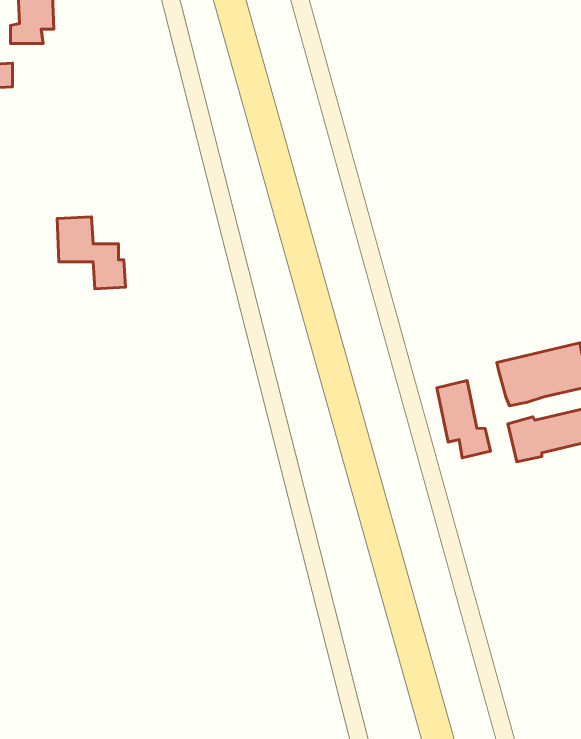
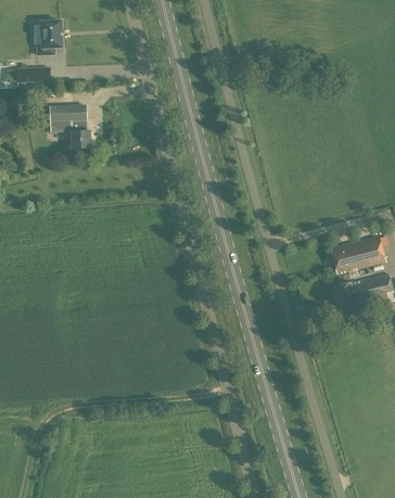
building: [57,217,126,289] -> [50,103,91,146]
building: [437,381,491,458] -> none

